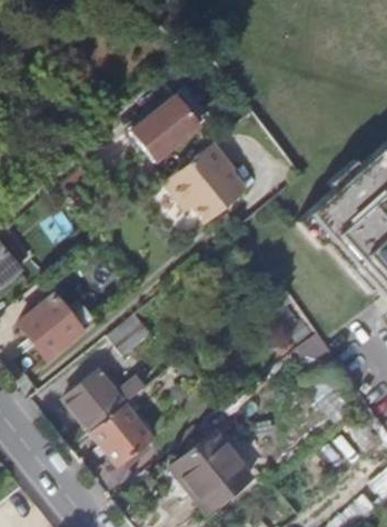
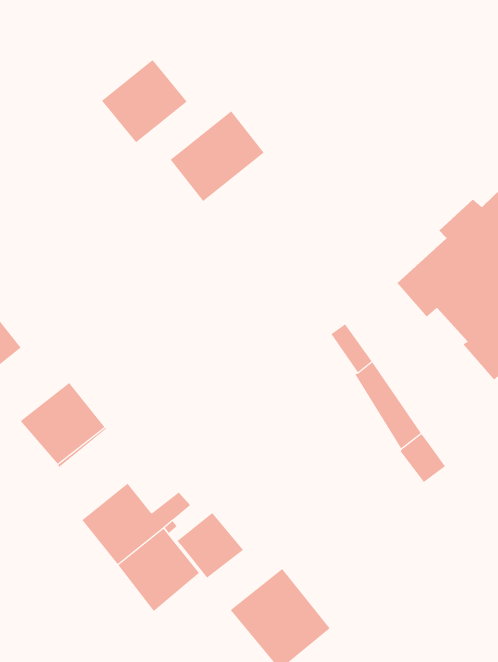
building: none -> [101,59,187,143]
building: [165,141,249,222] -> none
building: [107,314,151,357] -> none
building: none -> [177,512,244,578]

